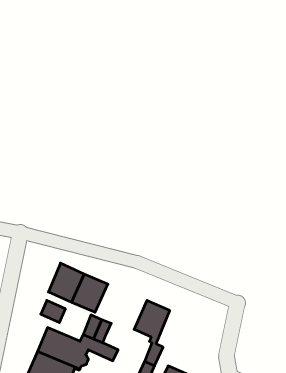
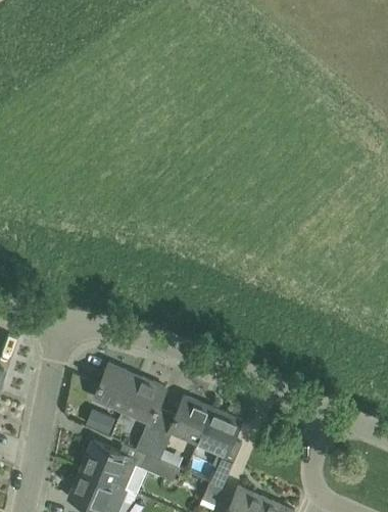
building: none -> [169,397,213,444]

